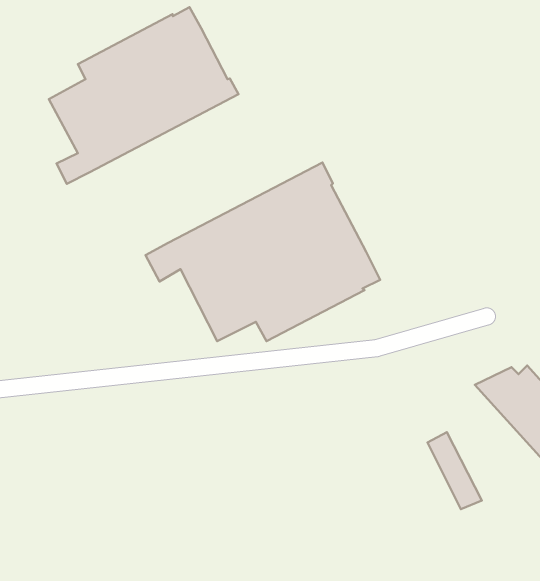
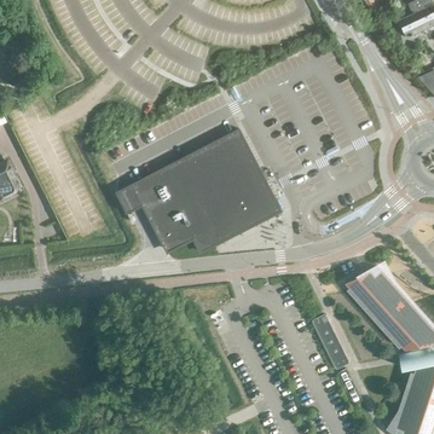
building: [49,7,238,184] -> none

